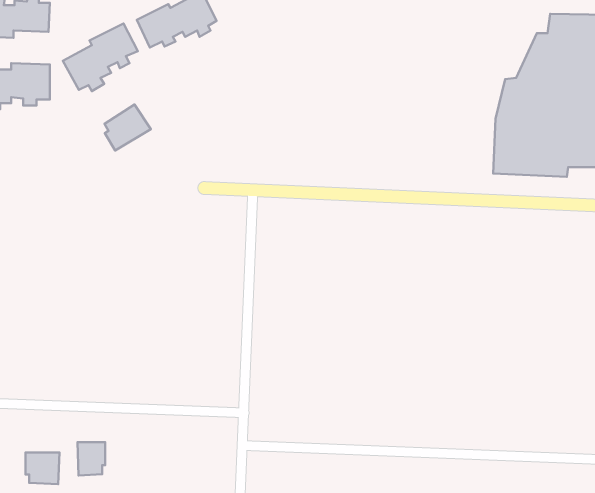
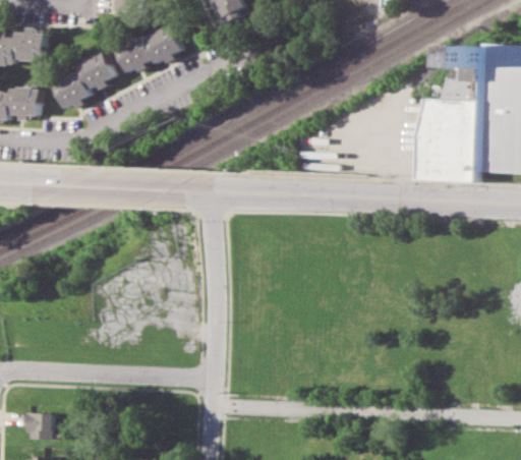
building: [104,105,151,151] -> none
building: [77,442,105,475] -> none

